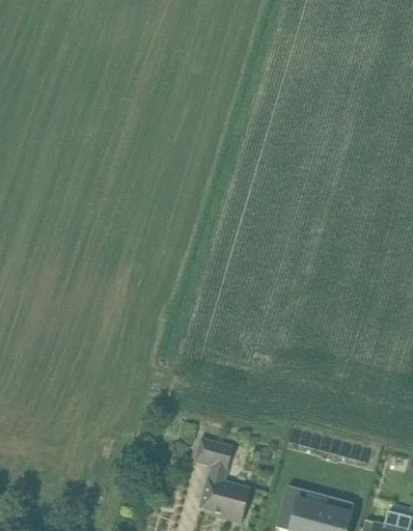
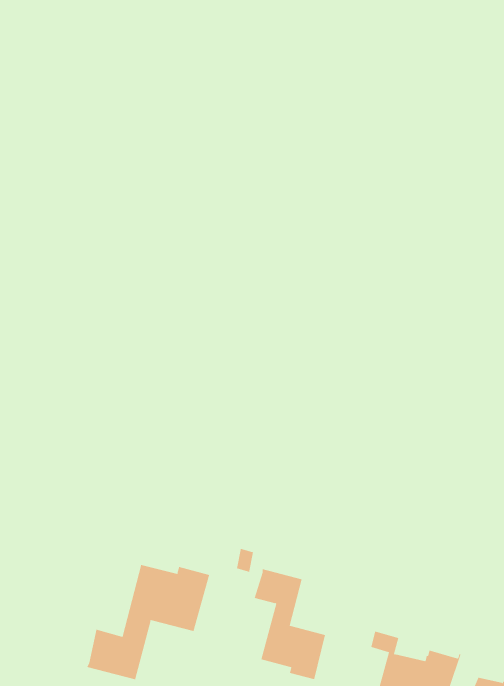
building: none -> [86,564,210,680]

